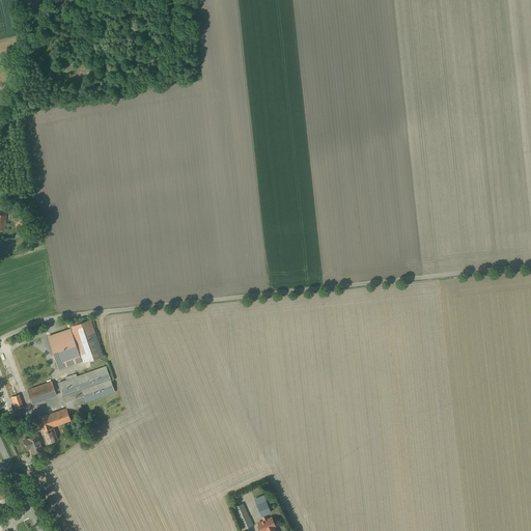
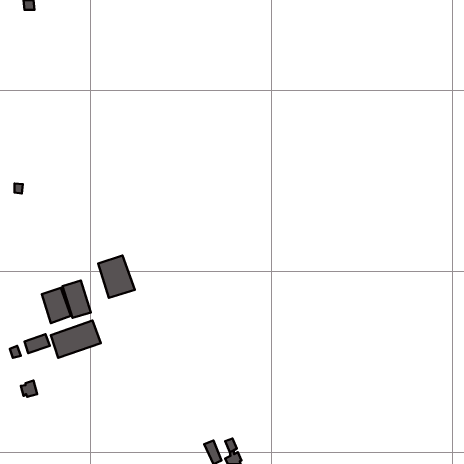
building: none -> [98,256,135,298]
building: [37,409,72,446] -> none

